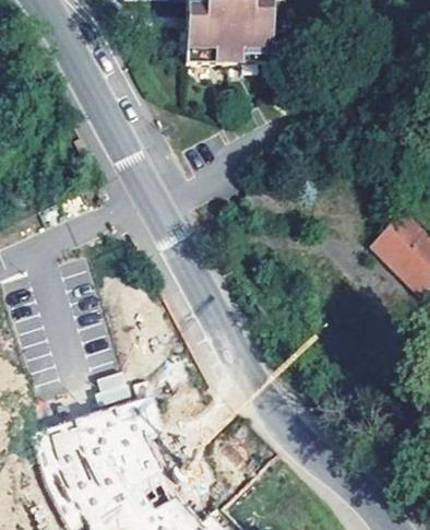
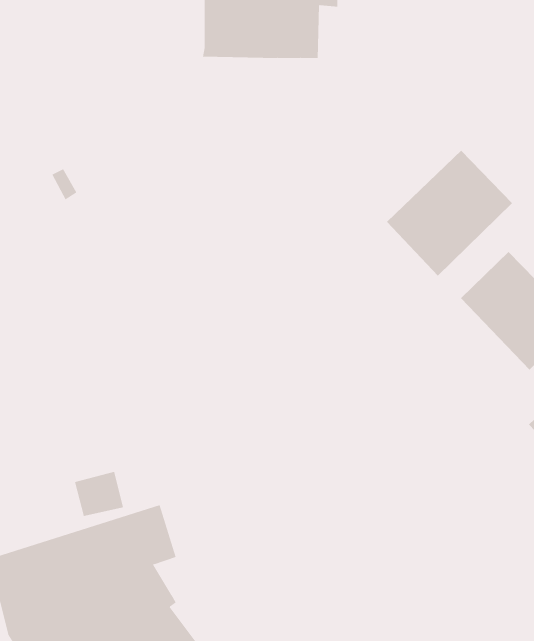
building: none -> [386,150,513,277]

